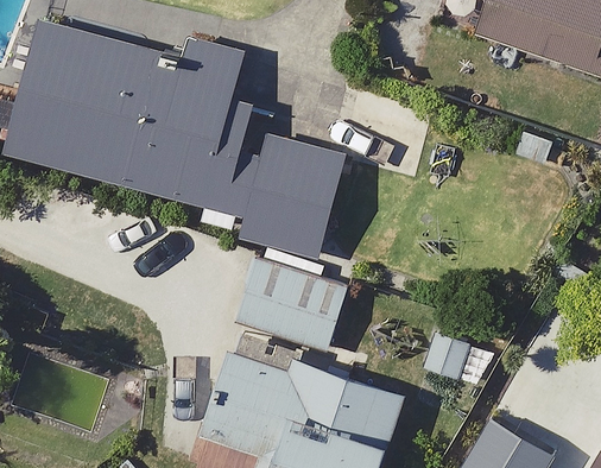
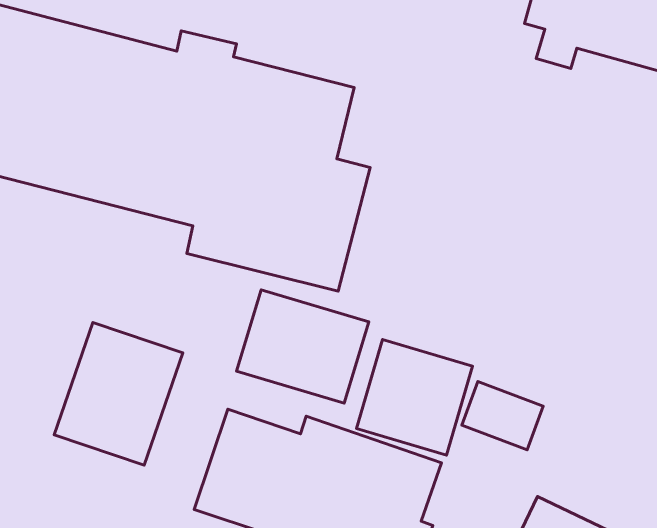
building: none -> [54,323,183,465]
building: none -> [357,340,472,455]

